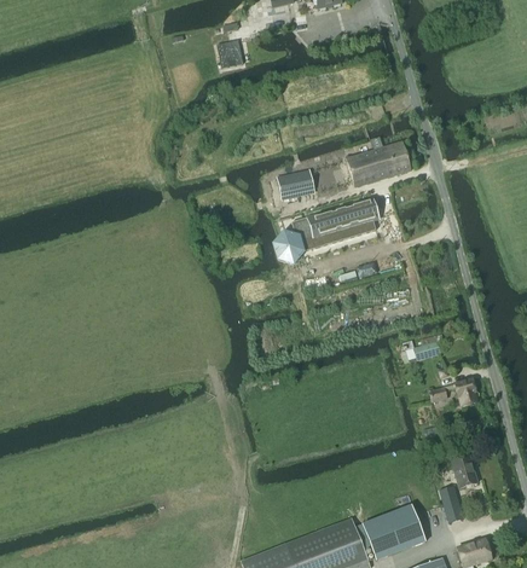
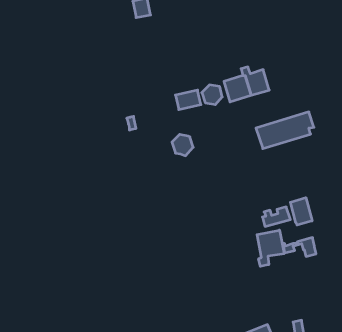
building: [299,198,381,250] -> [256,112,314,149]
building: none -> [290,198,312,225]
building: none -> [257,230,284,266]
building: [452,456,477,488] -> none

